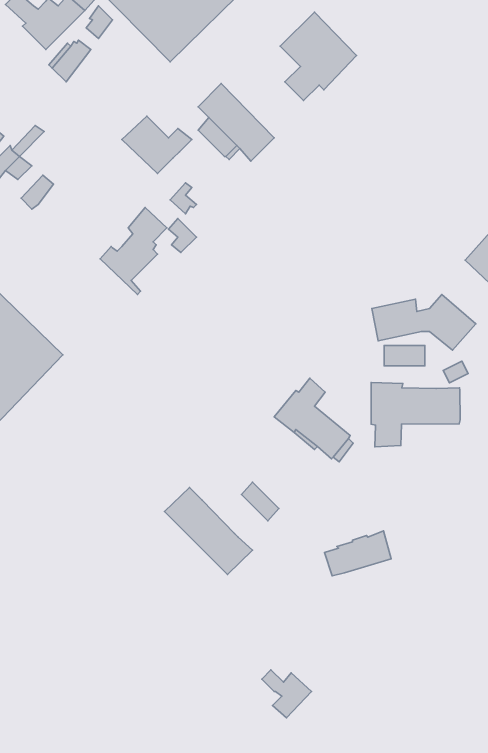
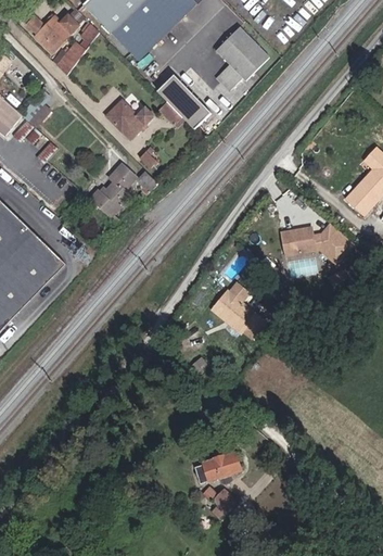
building: [371,383,460,447] -> none
building: [164,487,252,574] -> none
building: [324,531,391,576] -> [193,451,240,482]

